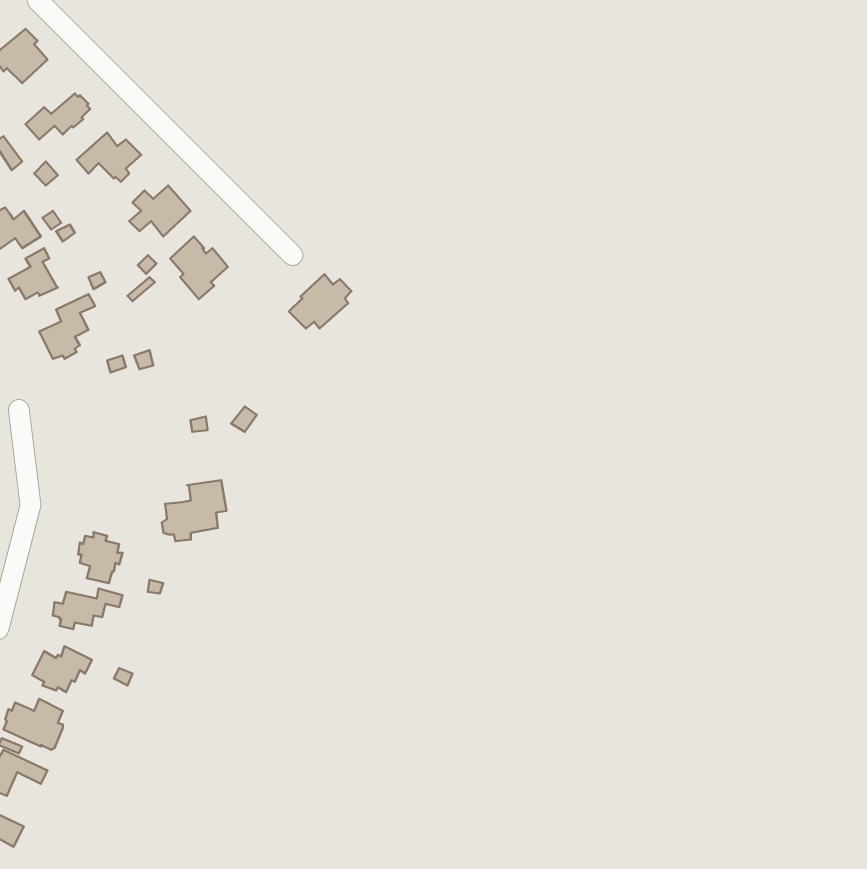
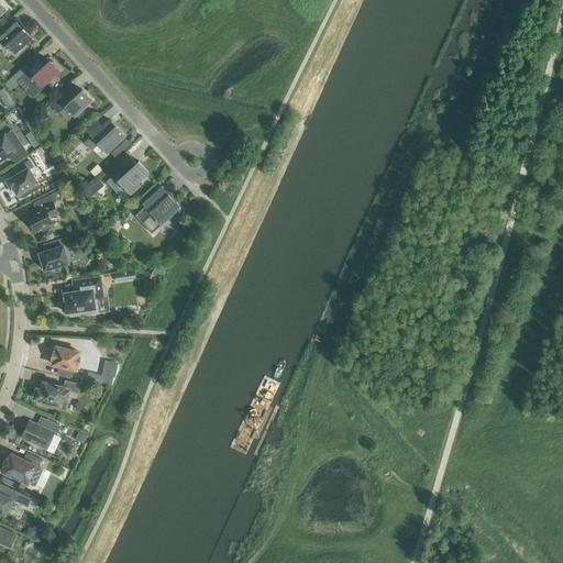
building: [289,274,352,329] -> [134,191,175,227]
building: none -> [37,236,68,271]
building: [162,480,226,541] -> [60,277,102,317]

